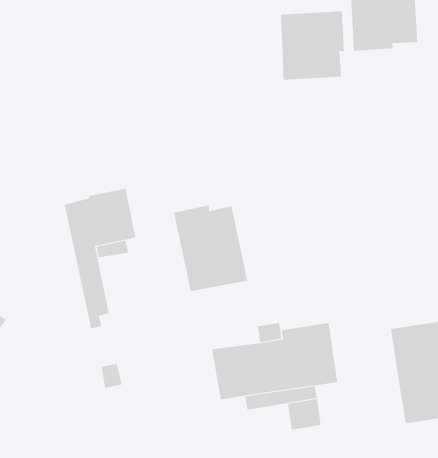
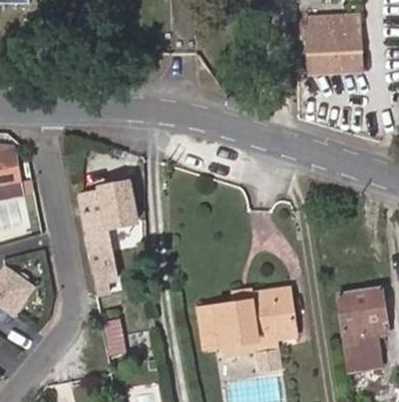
building: [281,10,345,81] -> none
building: [173,205,248,292] -> none

